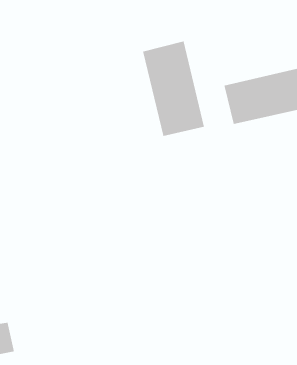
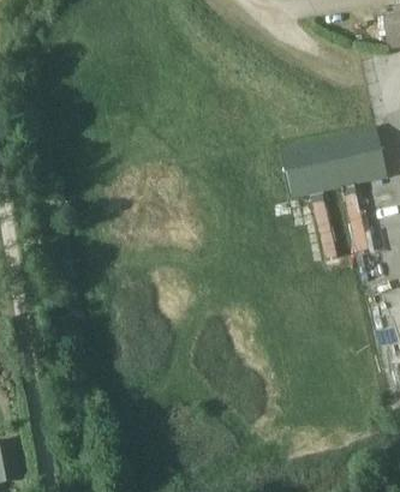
building: [142,40,205,137] -> none

